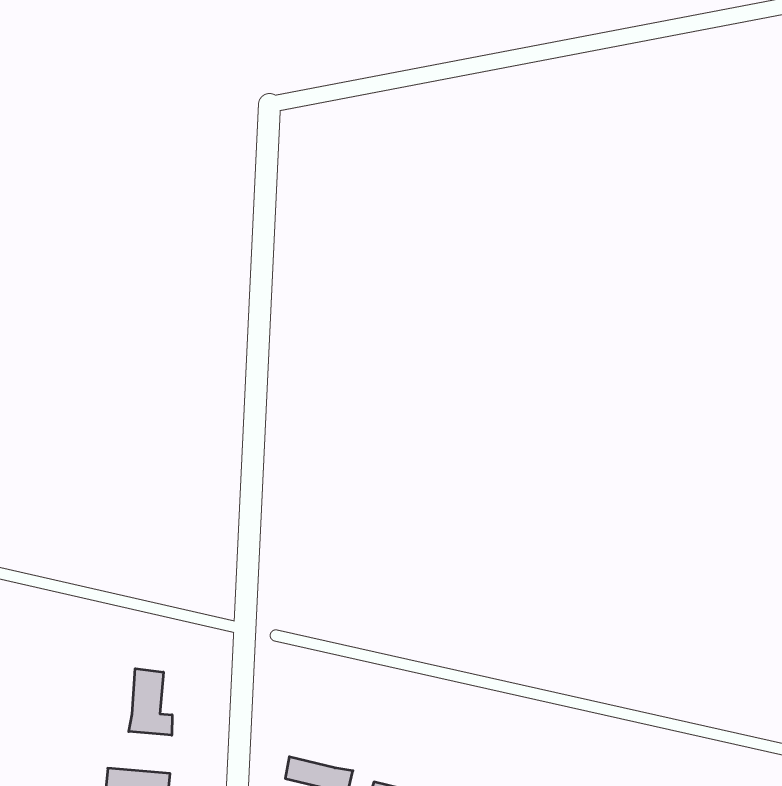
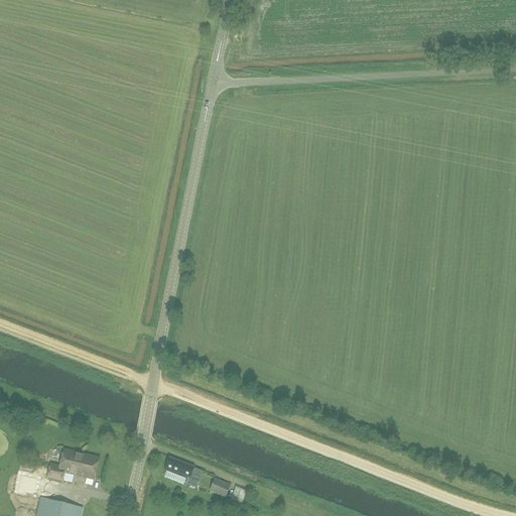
building: [129,669,172,735] -> none

